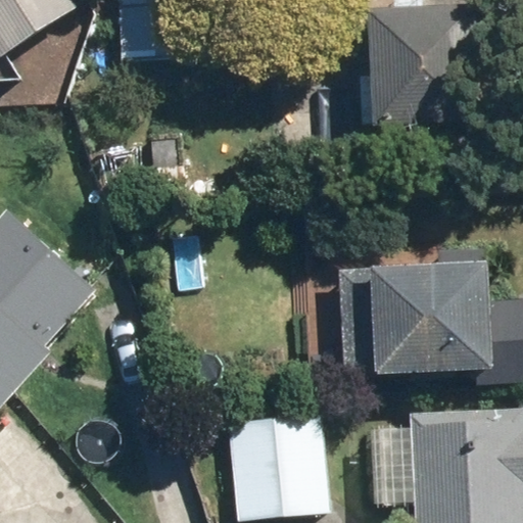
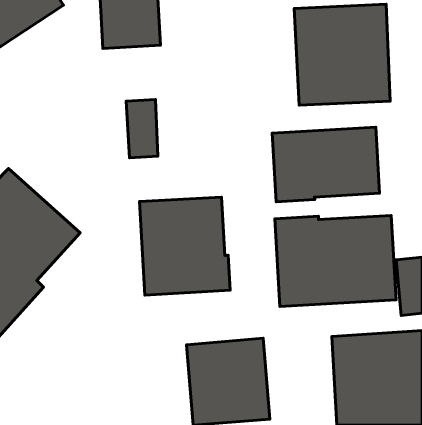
building: none -> [272,127,379,202]
building: none -> [139,197,230,295]

